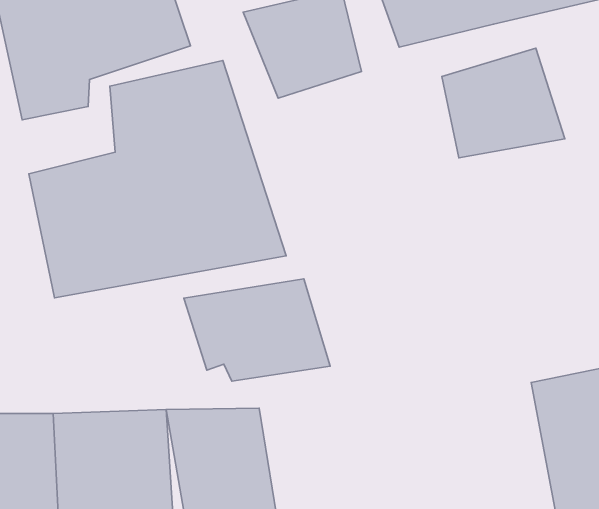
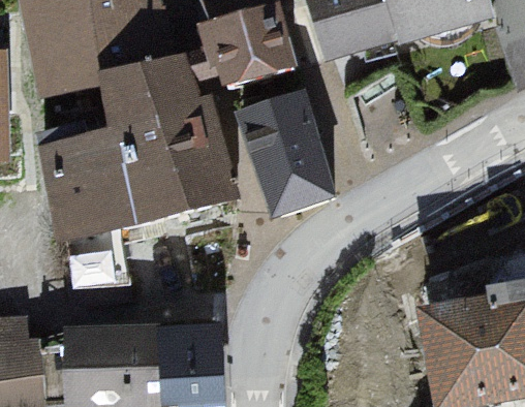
building: [442,48,565,158] -> none
building: none -> [229,95,334,222]
building: [184,279,330,381] -> none

